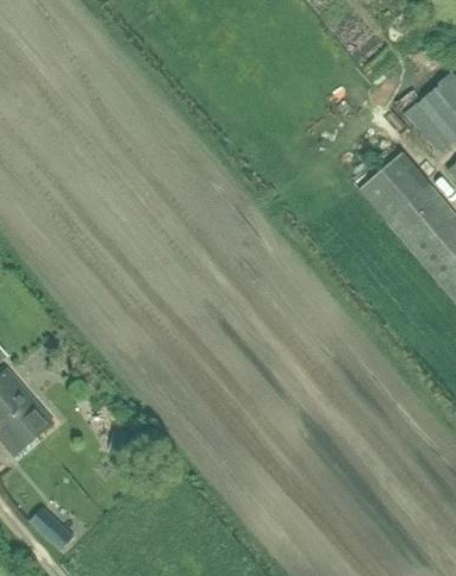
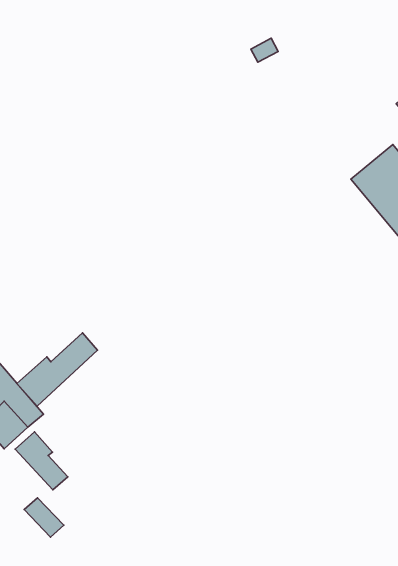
building: none -> [17,333,97,406]
building: none -> [15,432,68,490]

